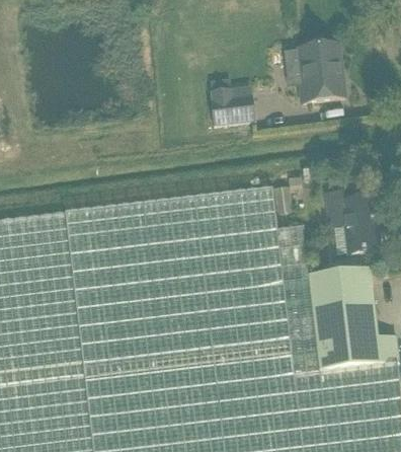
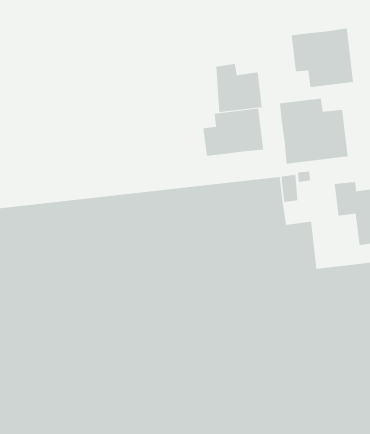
building: none -> [279,98,348,164]
building: none -> [203,108,264,156]

